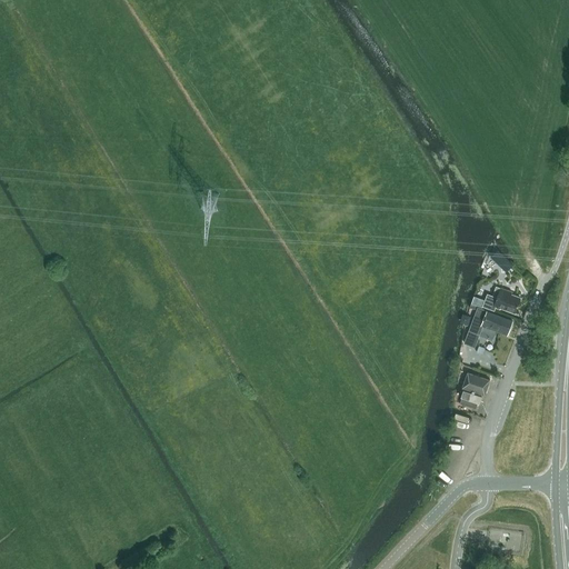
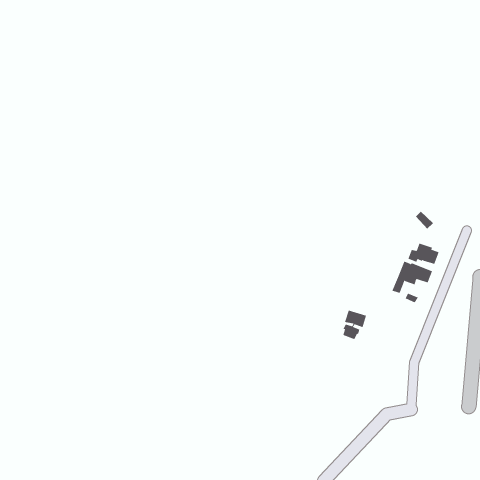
building: [459,375,488,410] -> [342,310,367,340]

